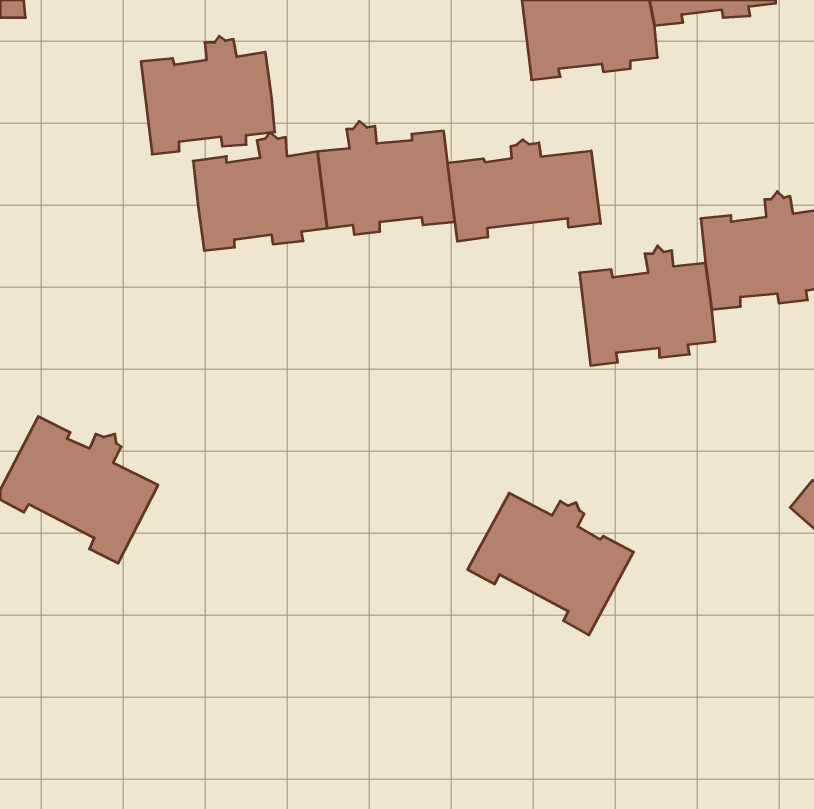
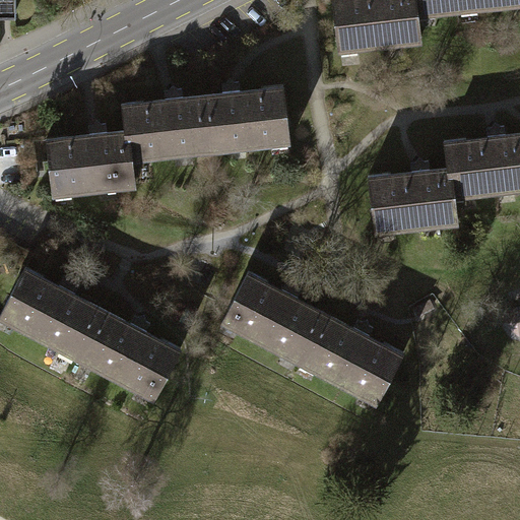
building: [141,36,275,154] -> [48,124,133,199]
building: [448,140,601,241] -> none
building: none -> [221,273,325,367]
building: none -> [76,313,181,403]

